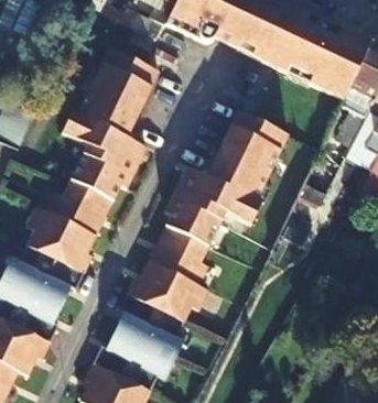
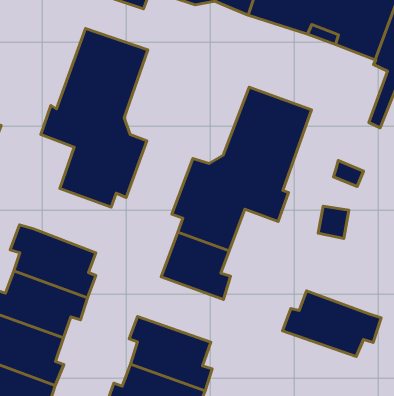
building: [47,181,114,237] -> none
building: [126,262,208,320] -> [283,291,381,356]

